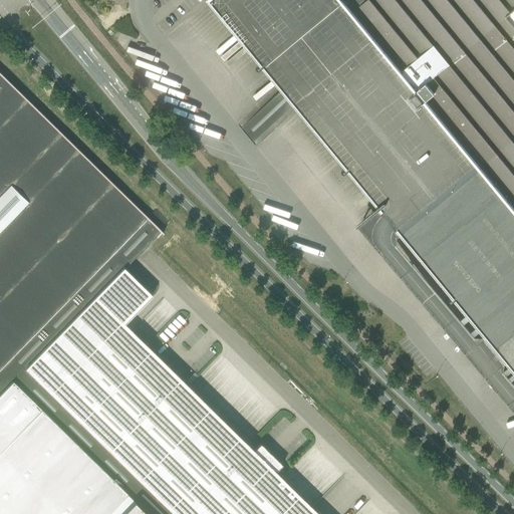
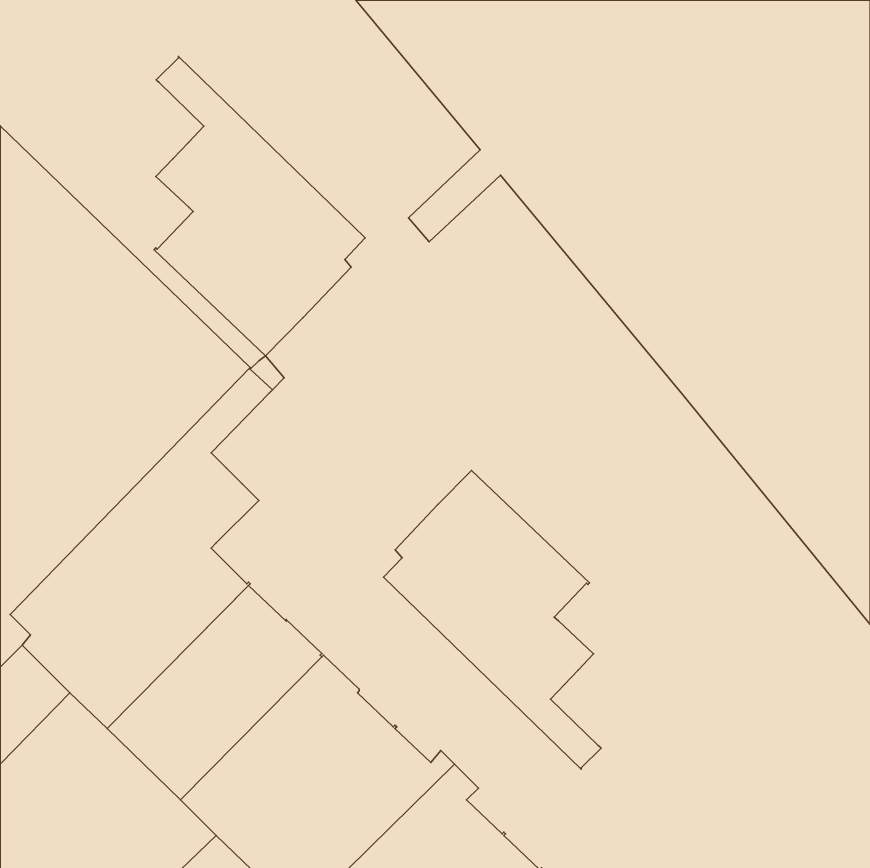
building: none -> [154,56,365,356]
building: none -> [384,470,601,769]

